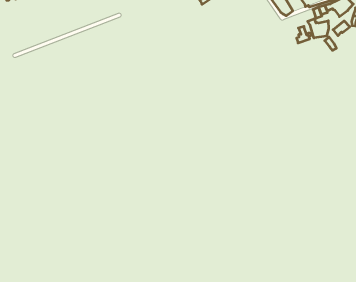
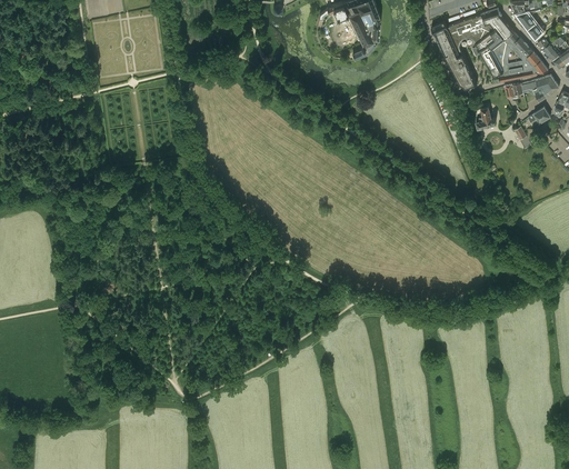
building: [308,19,329,38] -> none

